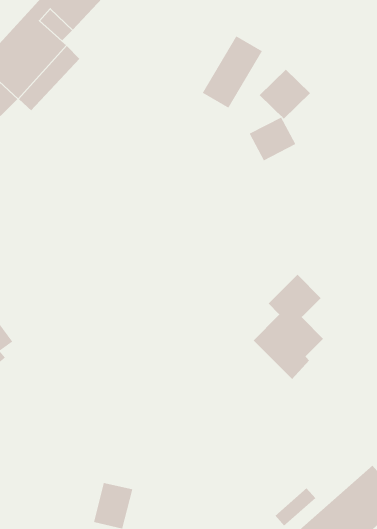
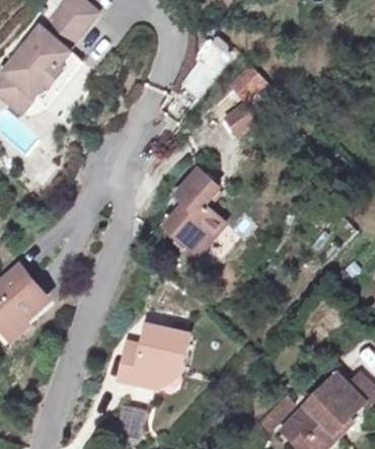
building: [253,274,324,380] -> [166,169,223,254]
building: none -> [119,325,190,388]

